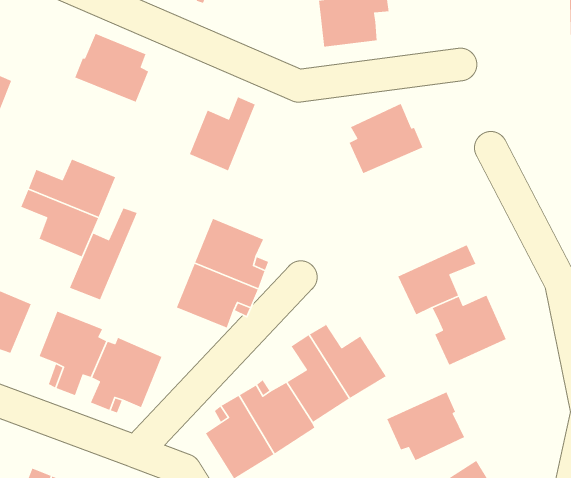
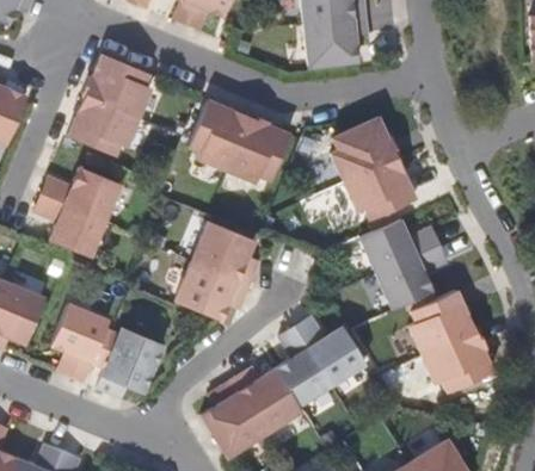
building: none -> [68,94,140,155]
building: none -> [223,114,277,193]
building: none -> [345,157,416,219]
building: [69,207,138,301] -> none
building: none -> [361,219,439,273]
building: [386,391,465,461] -> [423,329,494,392]

